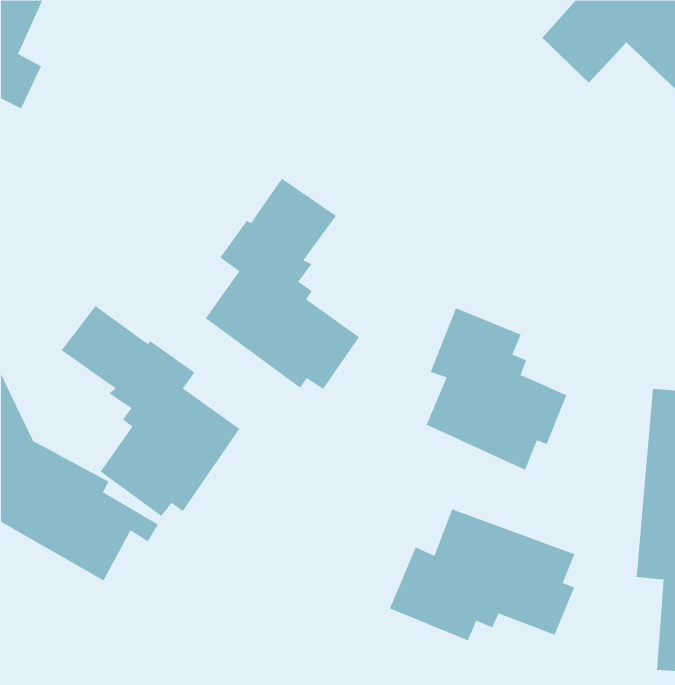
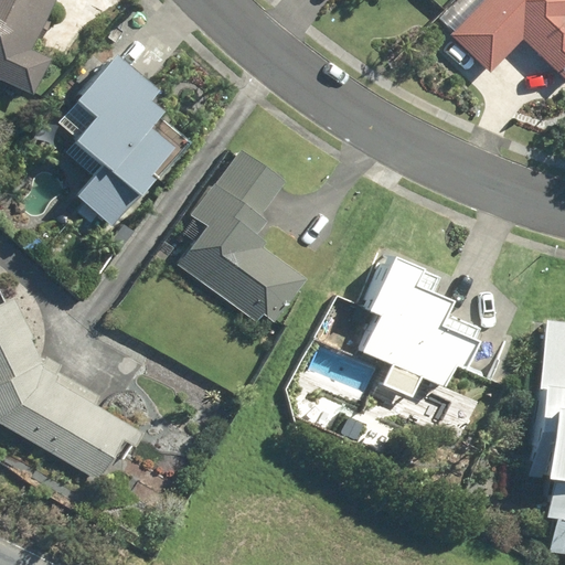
building: none -> [68,52,189,225]
building: [61,305,240,517] -> none
building: [389,508,575,641] -> none

